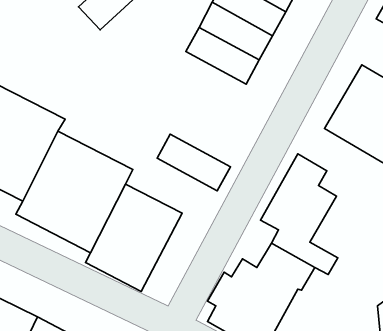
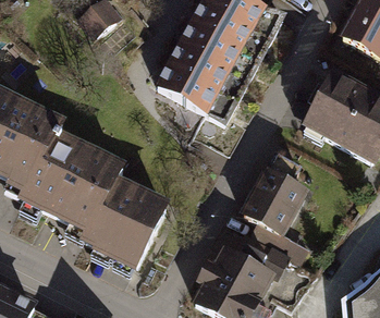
building: [157,134,231,191] -> [158,62,224,113]

